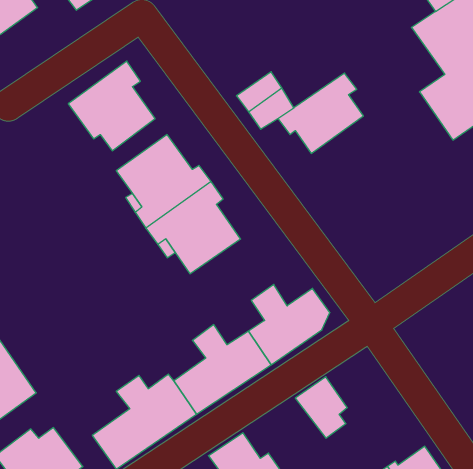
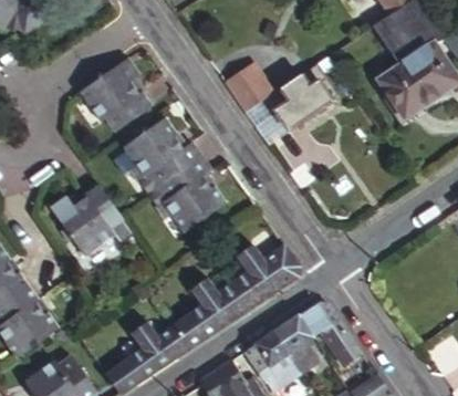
building: none -> [49,184,123,257]
building: none -> [296,302,366,368]
building: none -> [228,334,296,387]

